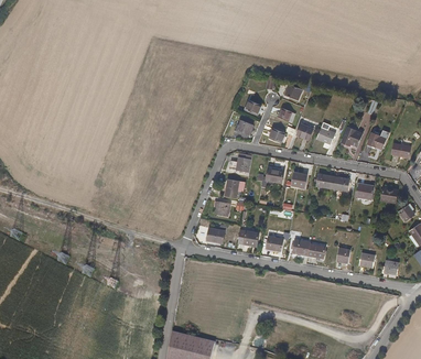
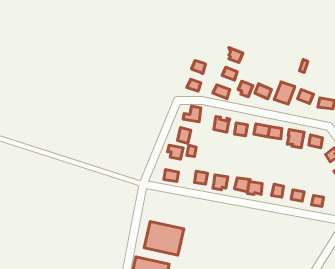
building: none -> [144,221,184,255]

